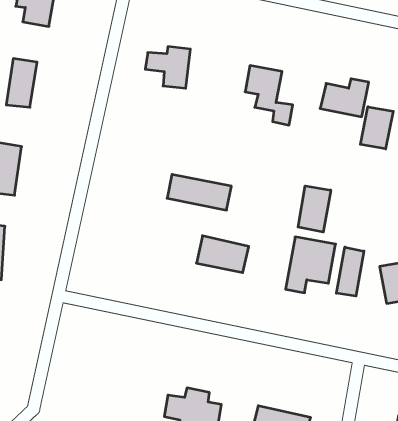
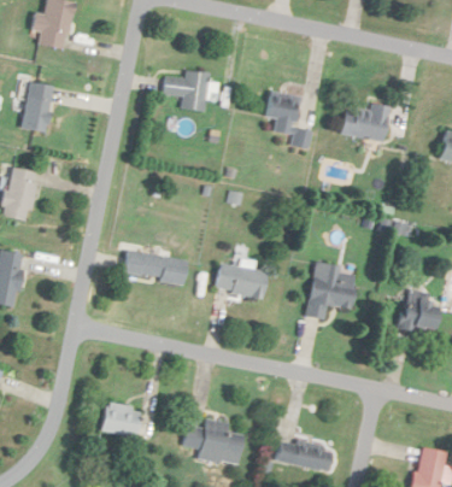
building: [360,107,393,149] -> none
building: [167,174,231,210] -> [123,250,188,286]
building: [298,186,331,232] -> none
building: [336,247,364,296] -> none
building: none -> [101,401,143,438]

